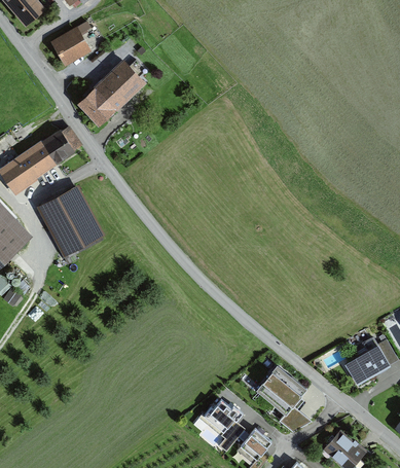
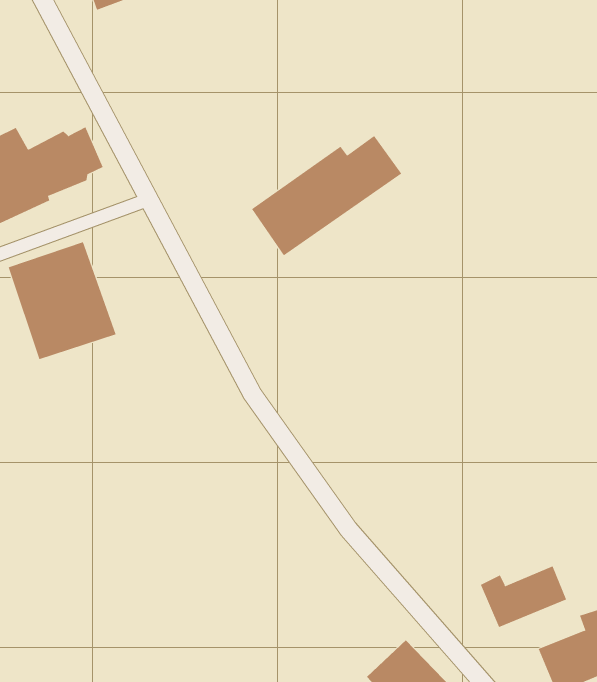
building: [78,55,153,124] -> [251,135,402,256]
building: none -> [480,565,567,628]

